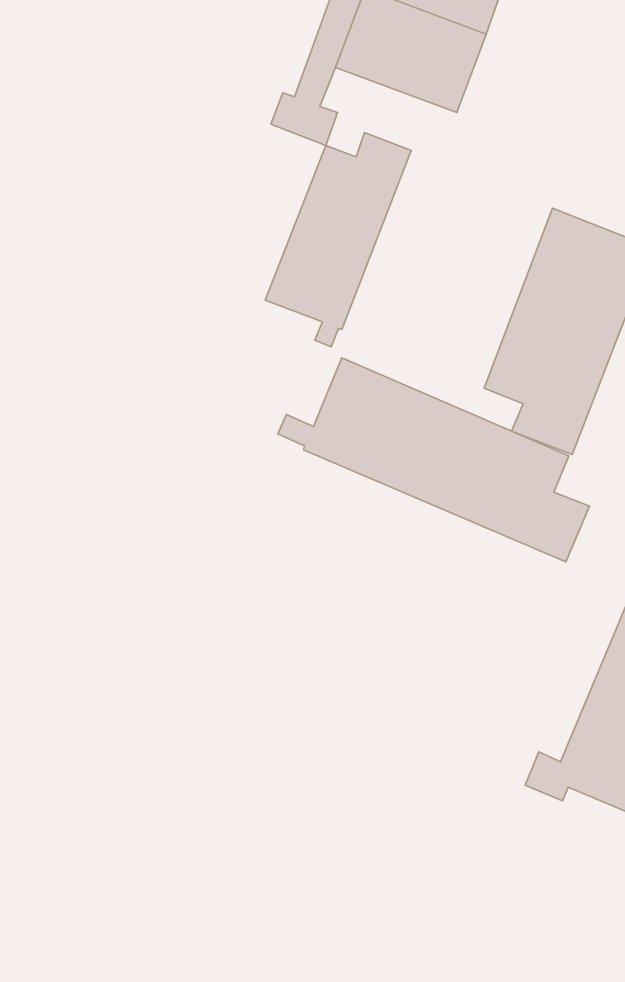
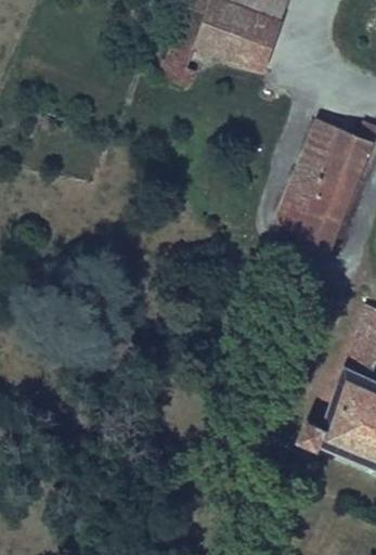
building: [265,133,411,347] -> none
building: [278,358,589,562] -> none

